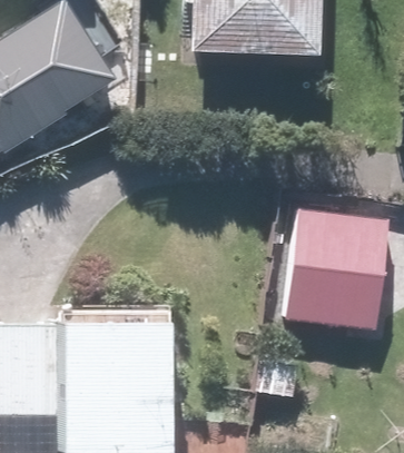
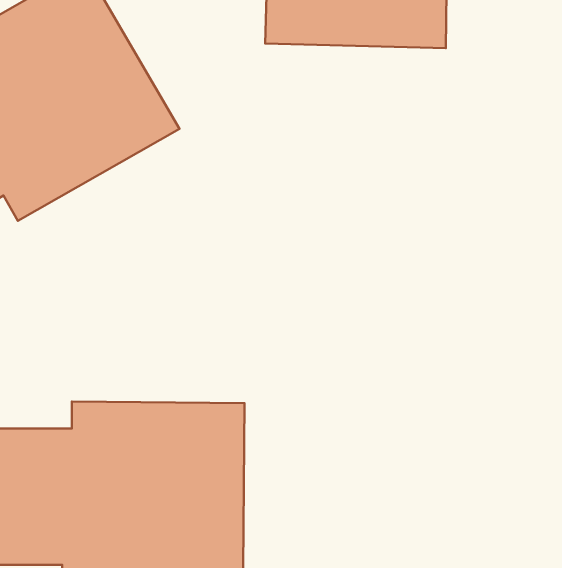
building: [283,208,391,337] -> none

